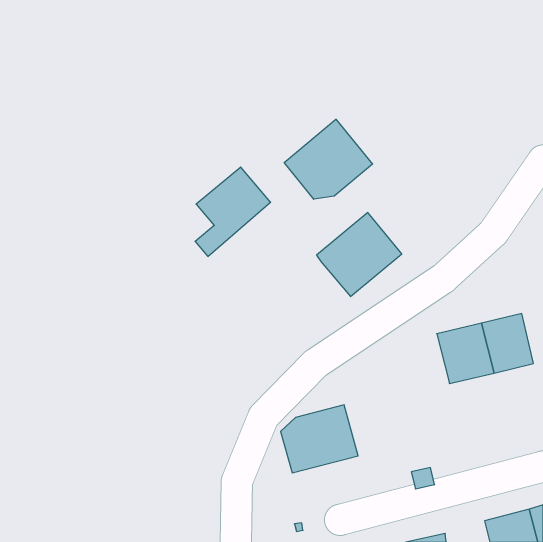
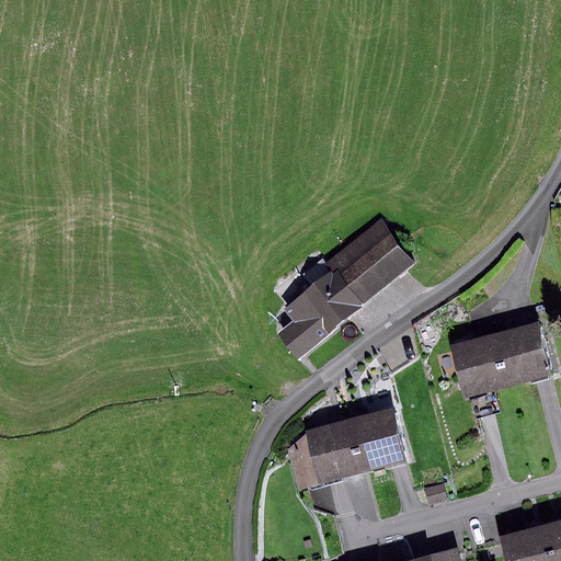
building: [284,119,373,199] -> none
building: [195,167,271,256] -> [284,270,362,362]
building: none -> [355,408,404,470]

